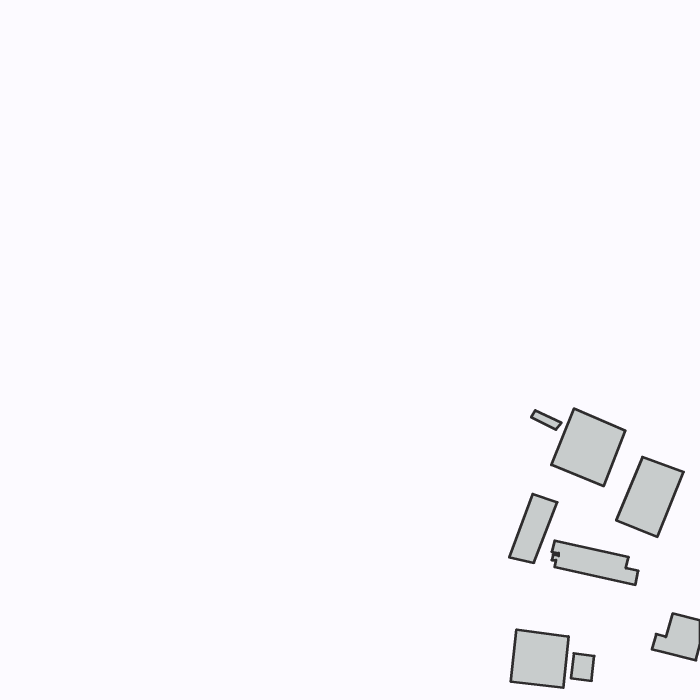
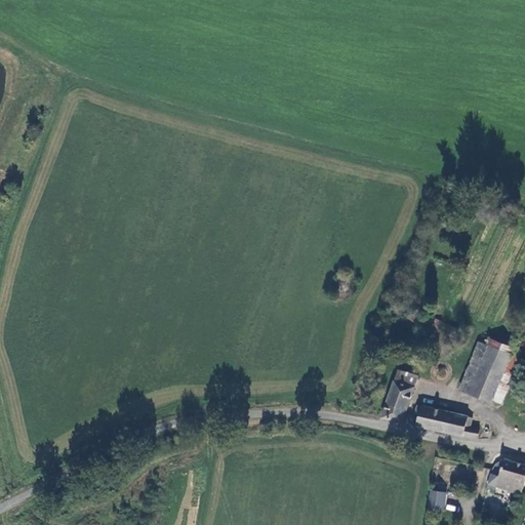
building: [551,409,625,486] -> none
building: [511,630,568,688] -> none

